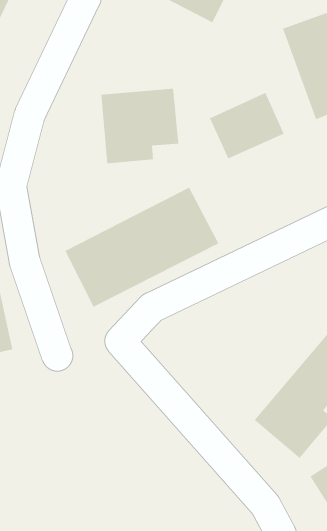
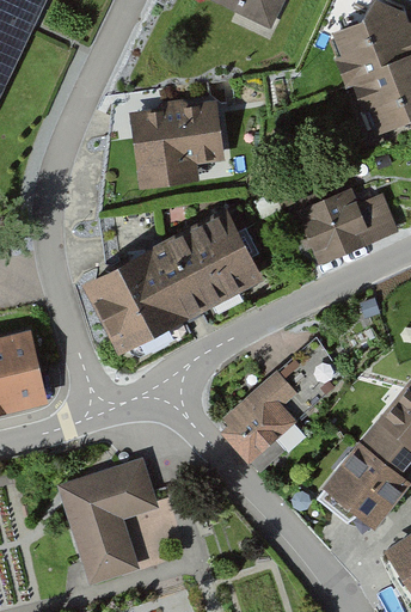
building: [209,92,285,159] -> [306,185,392,262]
building: none -> [225,356,330,465]
building: none -> [53,461,148,580]

